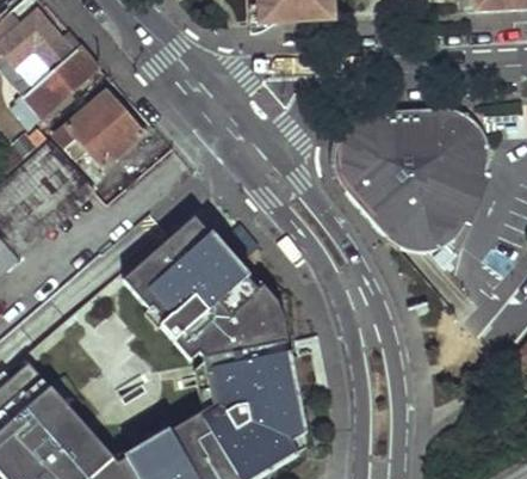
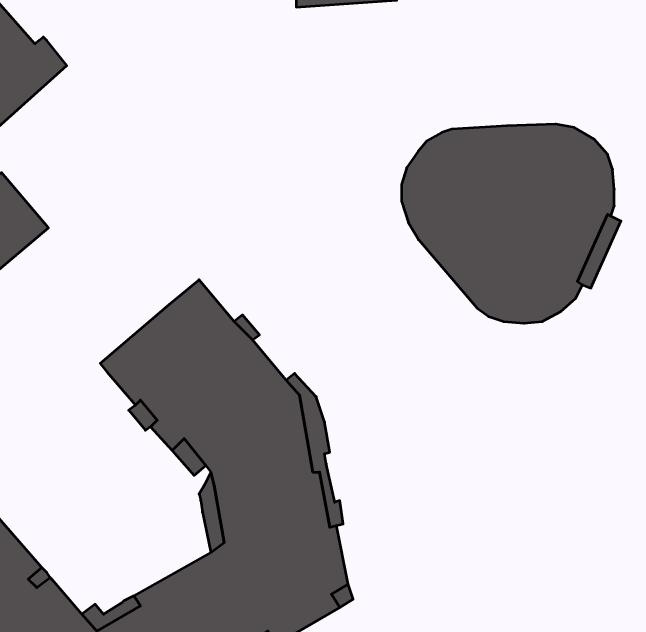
building: [57,92,143,167] -> none

